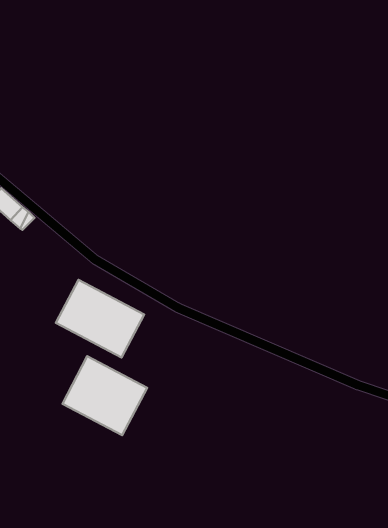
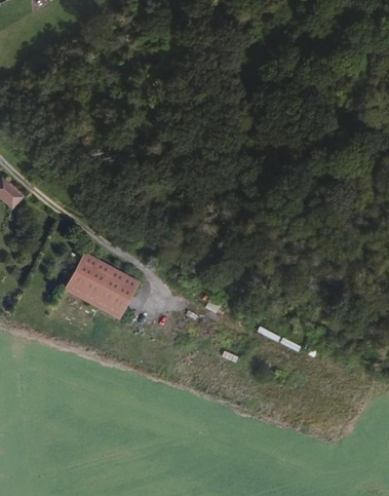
building: [62,356,147,435] -> none

